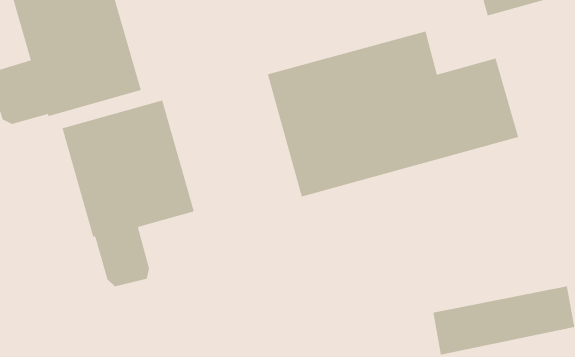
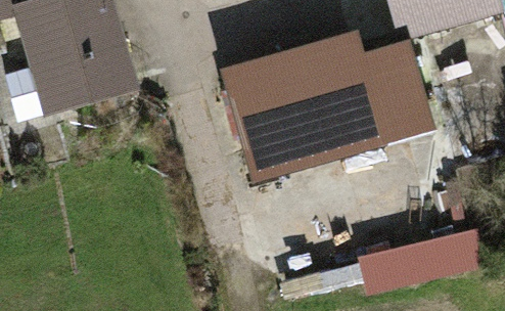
building: [61,100,195,287] -> none

